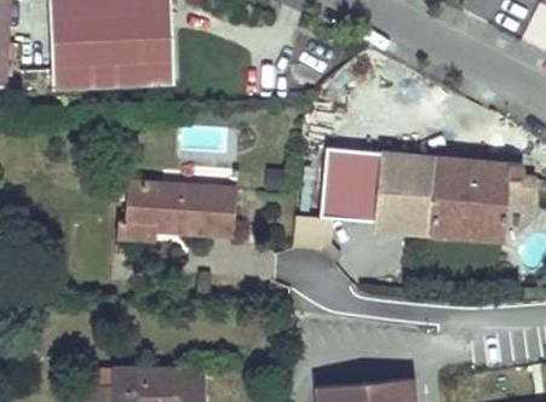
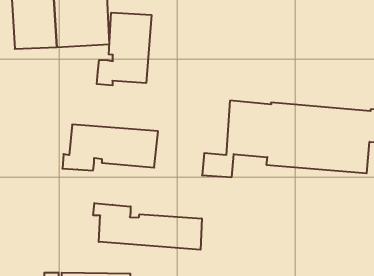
building: none -> [97,13,151,85]
building: none -> [93,203,202,250]

